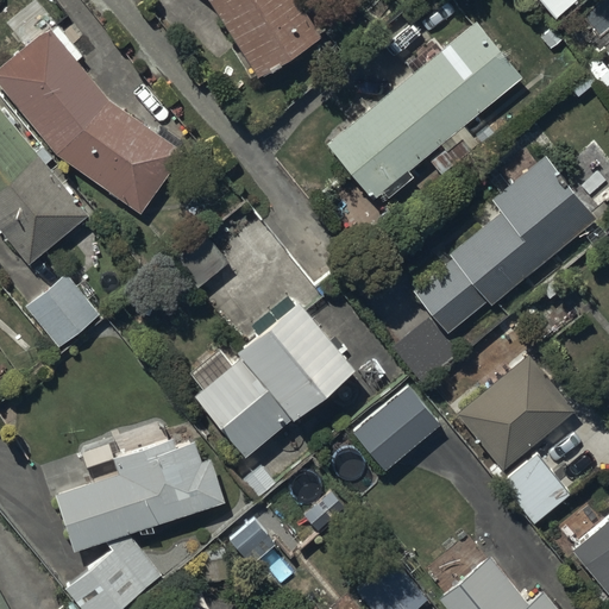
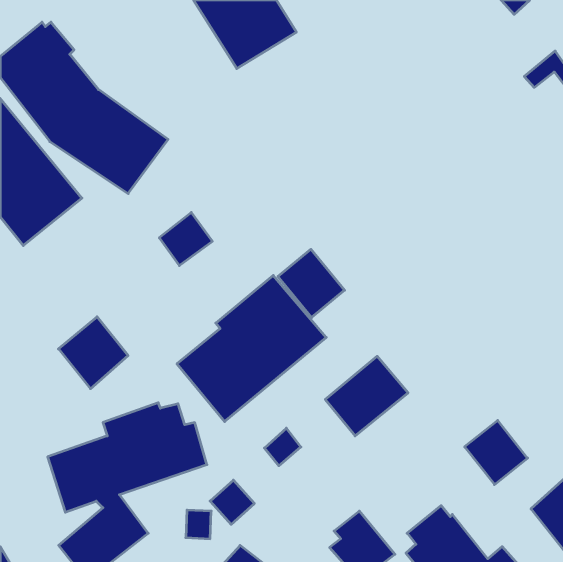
building: [326,23,522,201] -> none
building: [413,158,596,333] -> none
building: none -> [278,249,345,318]
building: [25,272,100,350] -> [58,317,128,389]
building: [457,354,576,470] -> none

